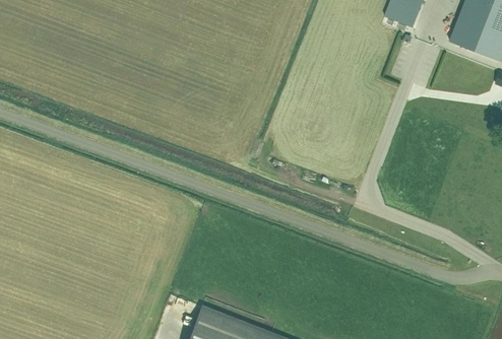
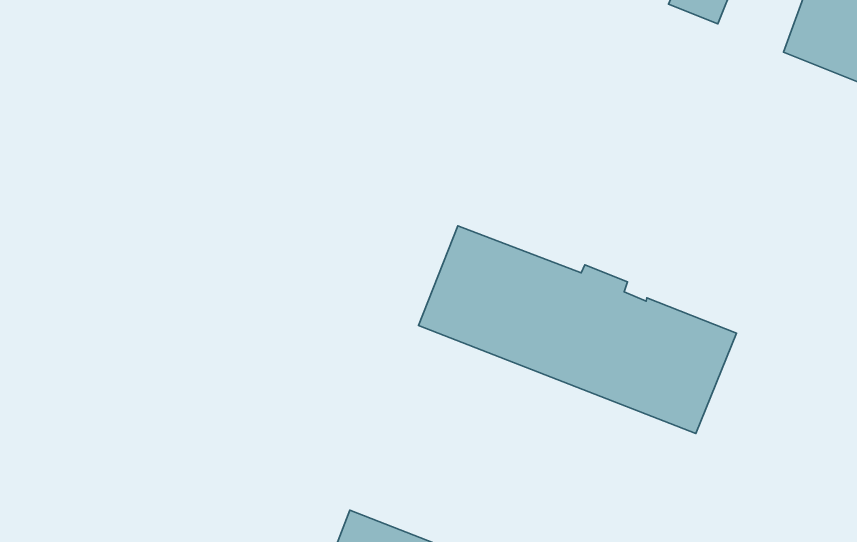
building: none -> [419,226,736,434]

